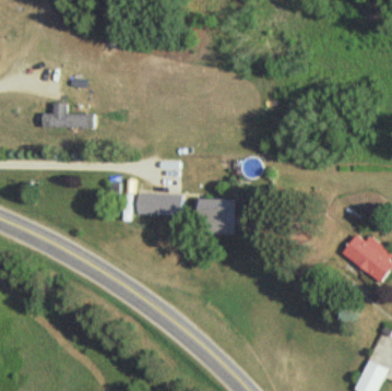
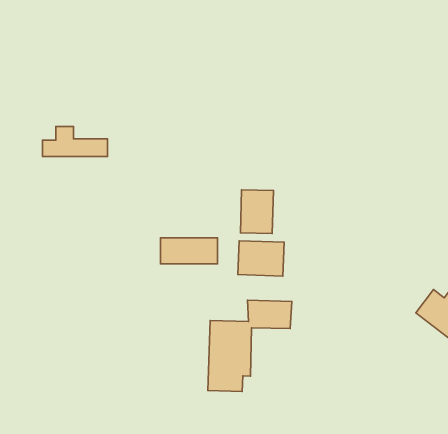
building: none -> [240,190,273,233]
building: none -> [208,300,292,392]

